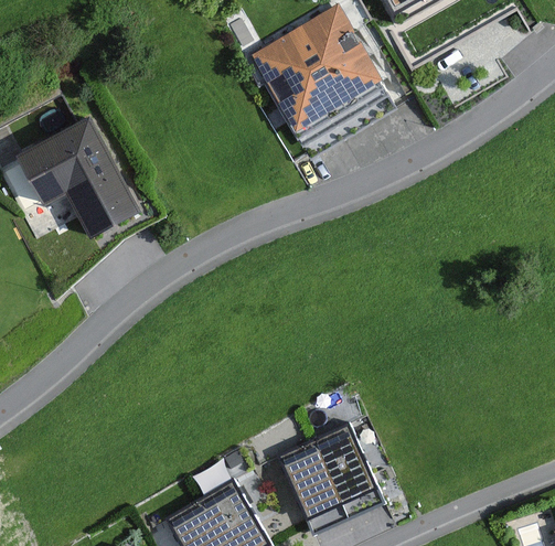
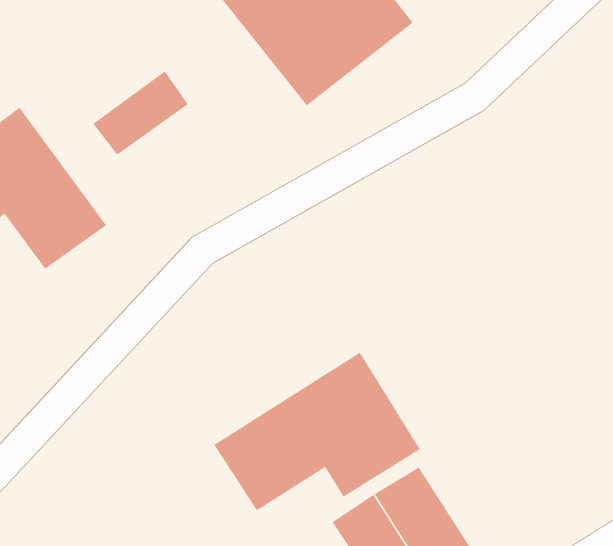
building: none -> [92,70,188,156]
building: none -> [213,352,421,511]

